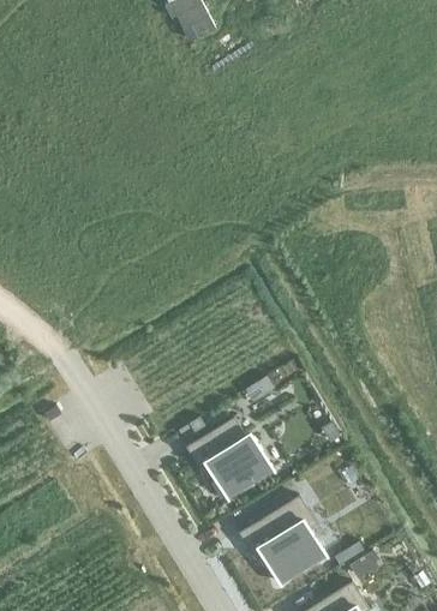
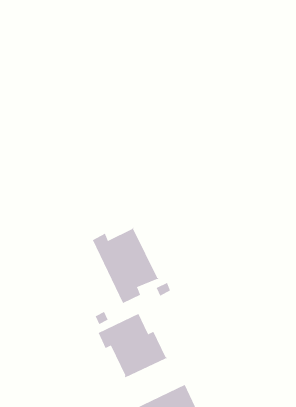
building: none -> [92,227,159,304]

